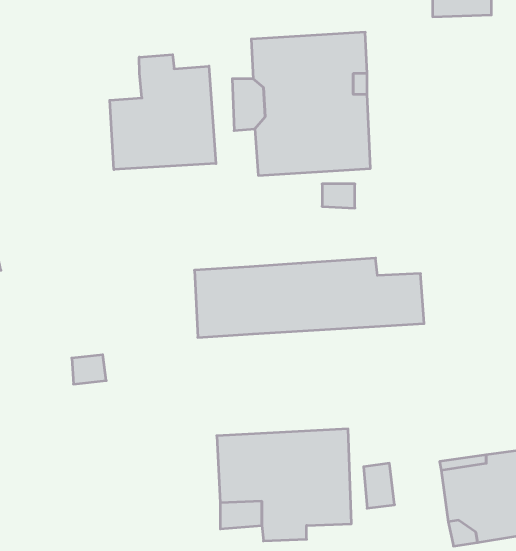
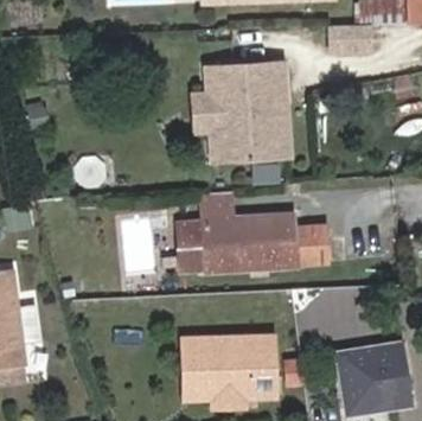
building: [110,55,216,170] -> none
building: none -> [203,186,241,223]

